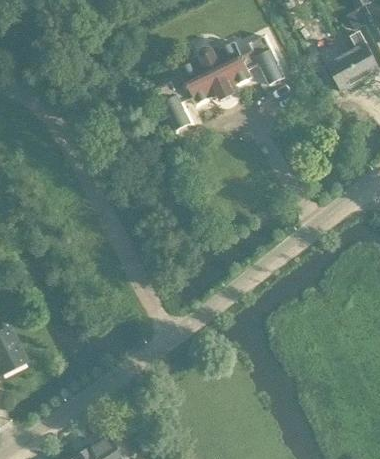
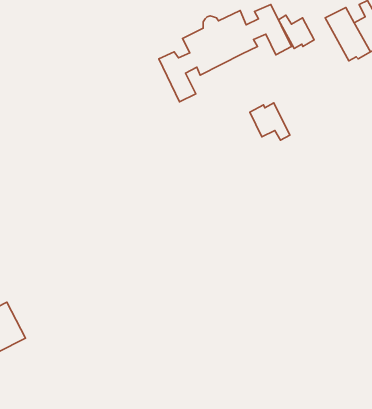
building: none -> [278,15,314,49]
building: none -> [250,103,290,140]

